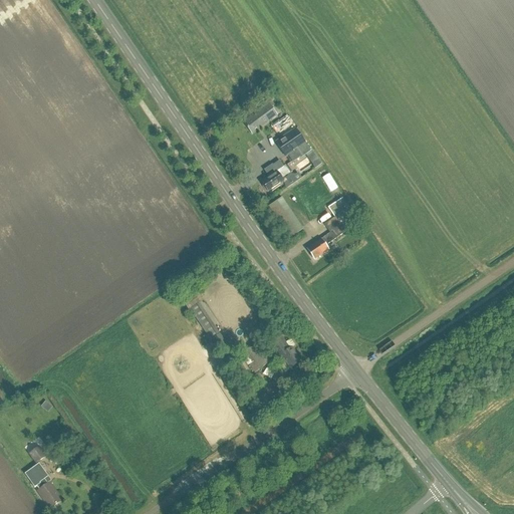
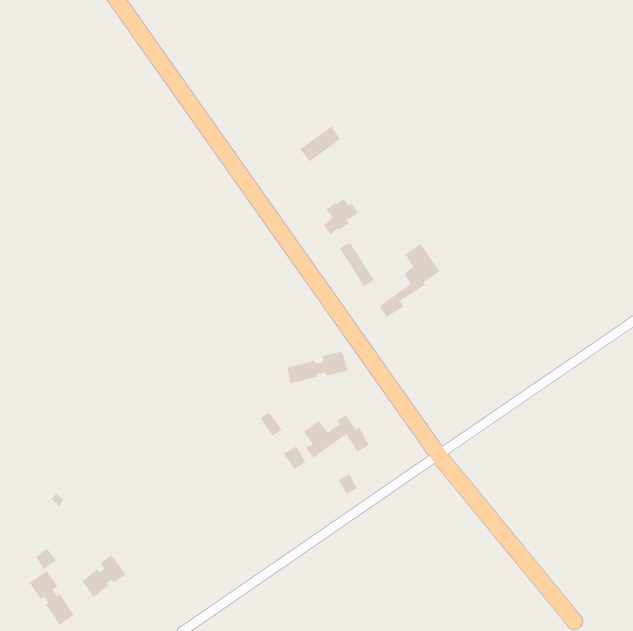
building: [274,130,309,161] -> none
building: none -> [286,351,348,384]
building: none -> [81,554,127,598]

